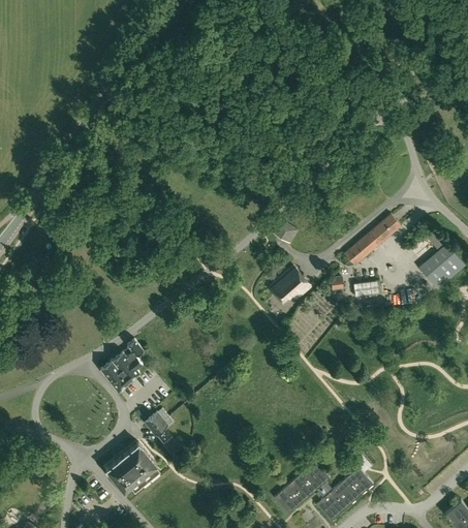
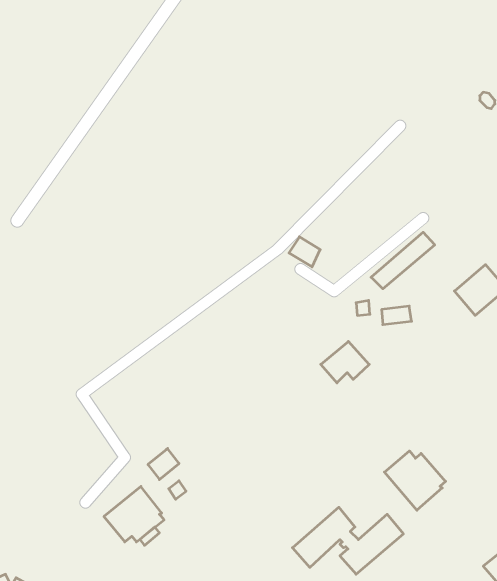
building: [269,267,312,304] -> [321,341,369,383]
building: [100,339,143,392] -> none
building: none -> [384,451,446,510]

